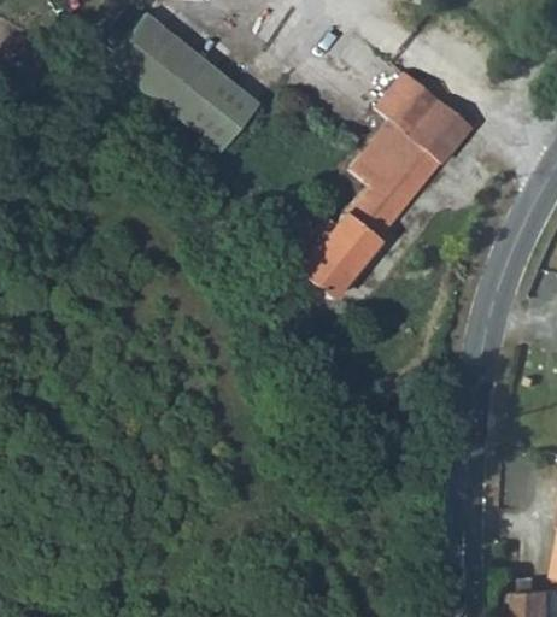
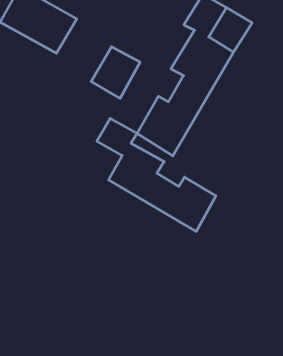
building: [181,66,258,145] -> [91,47,140,98]
building: none -> [97,118,216,231]

